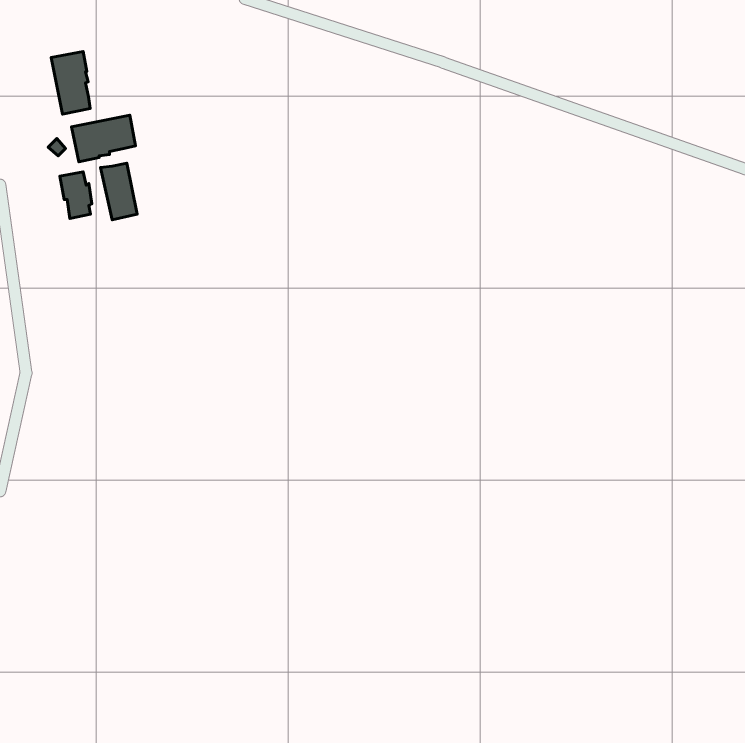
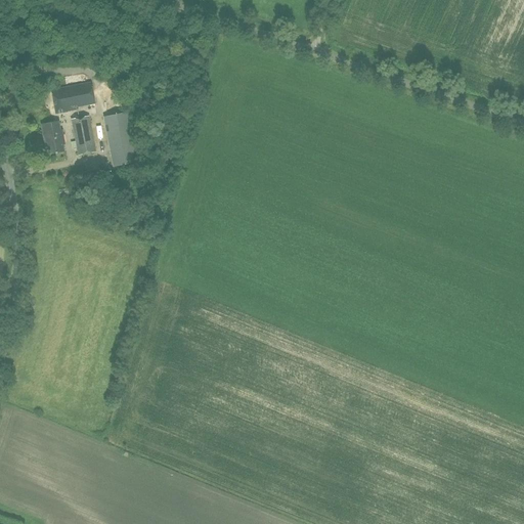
building: [51,51,90,114] -> none
building: none -> [103,111,139,166]

